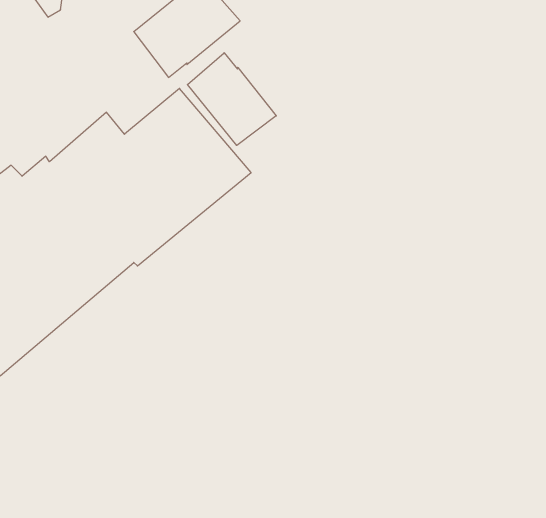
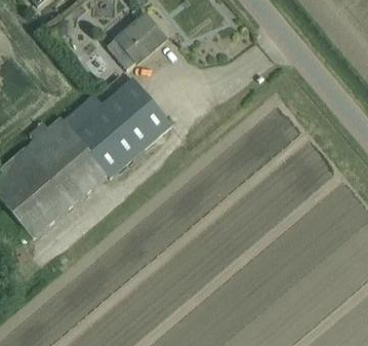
building: [187,53,276,145] -> none

